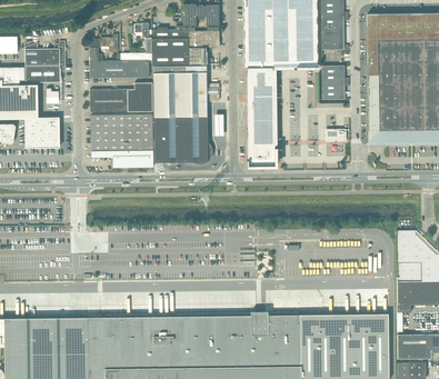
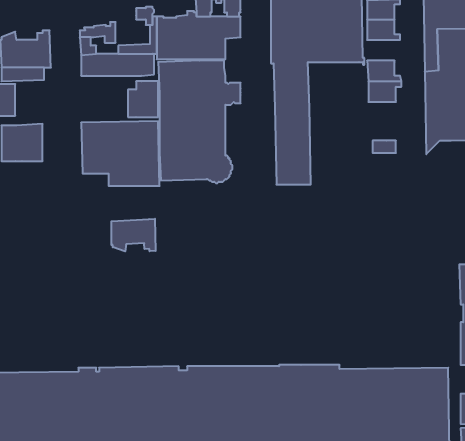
building: [90,90,128,113] -> none
building: none -> [111,219,156,251]

